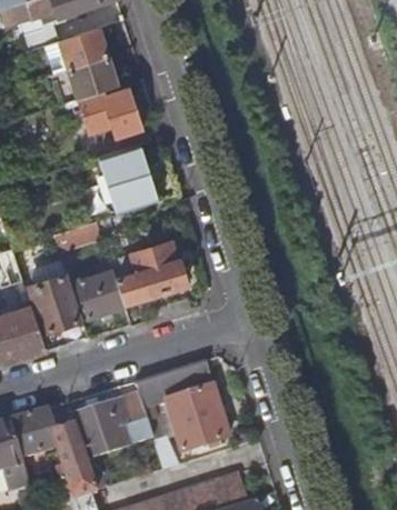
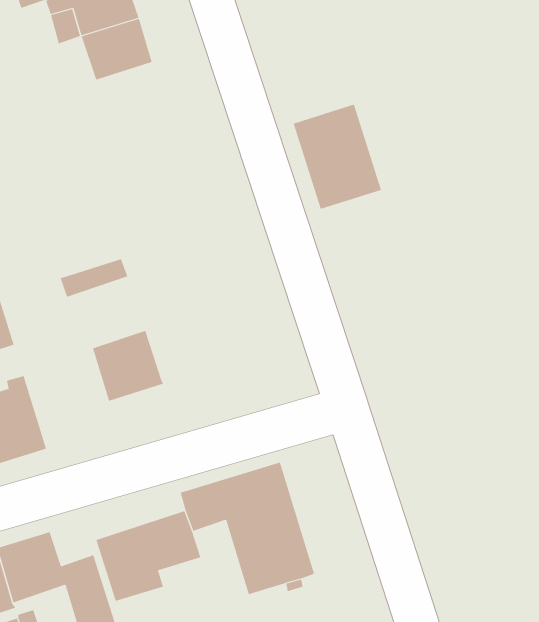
building: [79,83,142,138] -> none
building: [98,142,159,214] -> [293,104,382,210]
building: [109,243,183,304] -> none
building: [28,274,82,333] -> none

